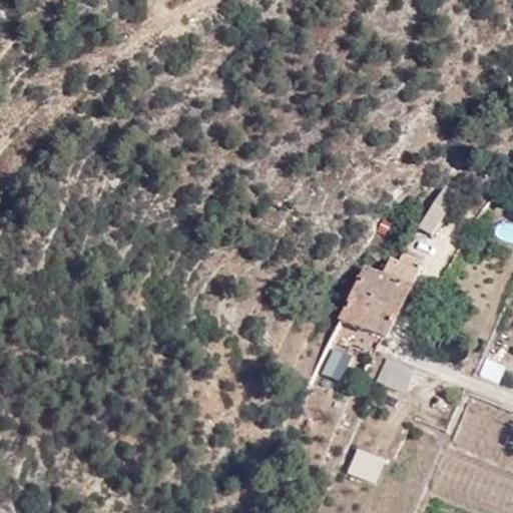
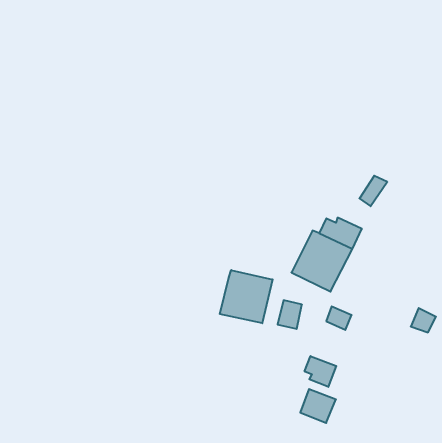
building: none -> [220,270,273,323]
building: none -> [305,356,336,387]

